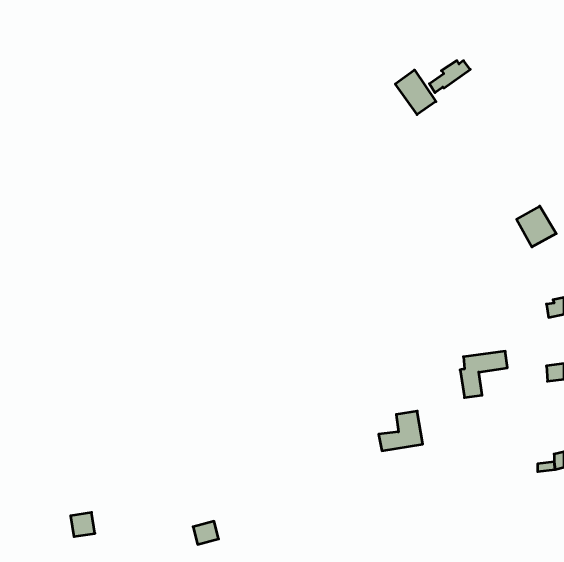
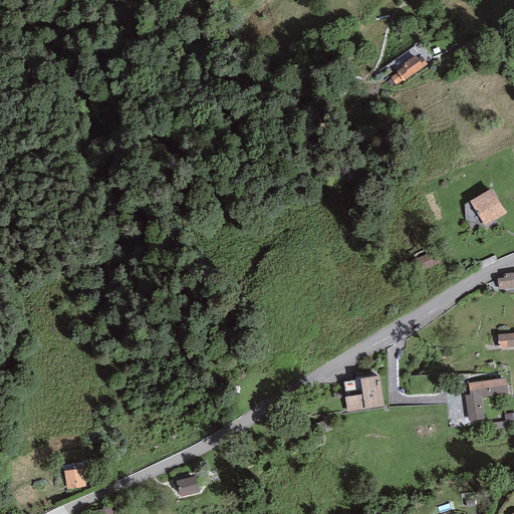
building: [395,70,436,115] -> none
building: [460,351,507,398] -> [465,377,508,420]

